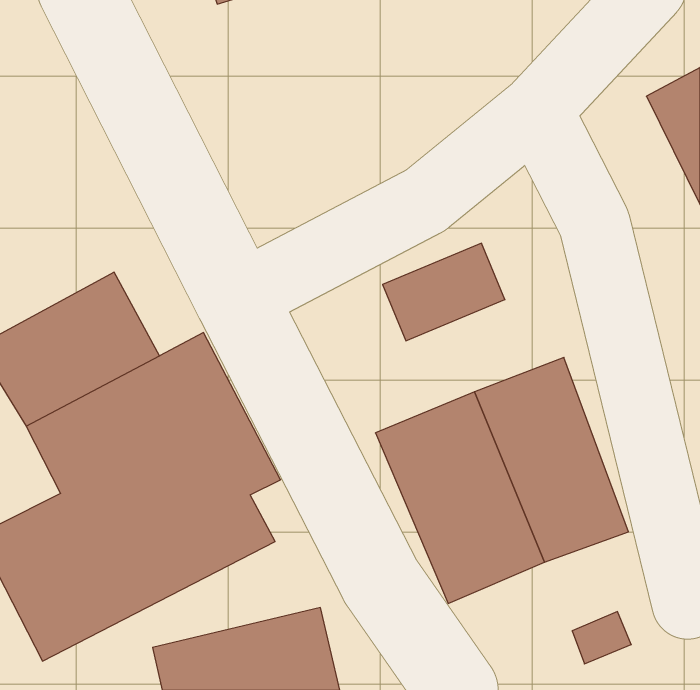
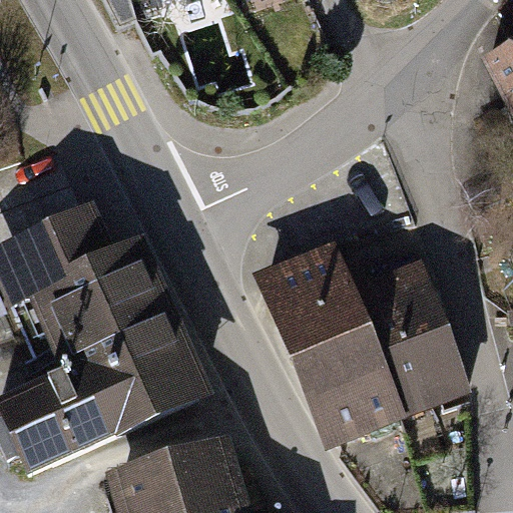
building: [383,243,505,341] -> [256,244,346,316]

